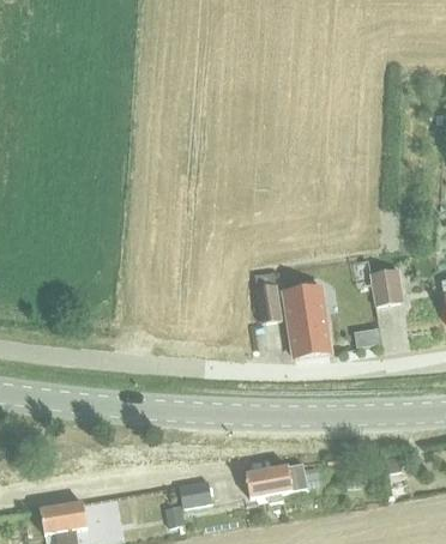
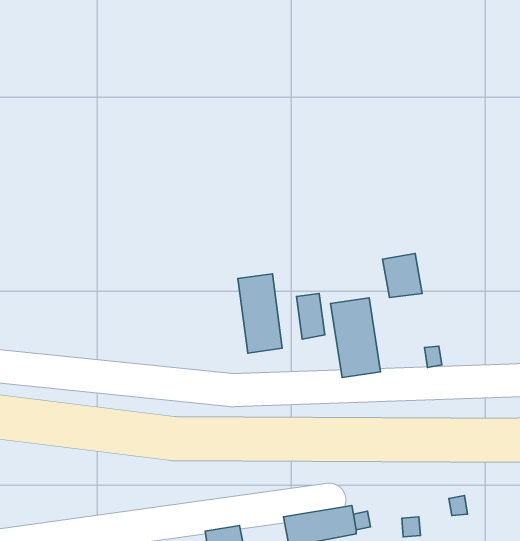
building: [368,268,402,306] -> [382,254,422,298]
building: none -> [238,274,282,353]

